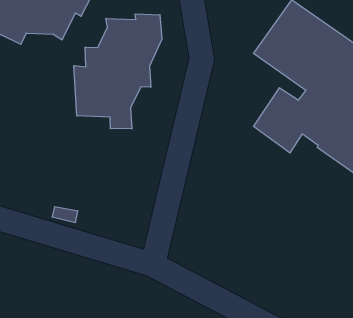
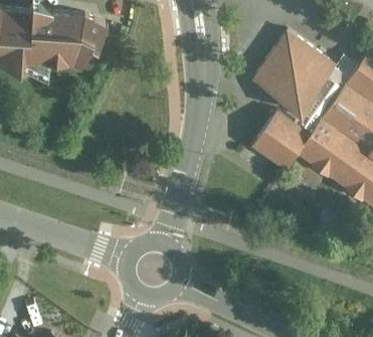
building: [74,14,162,129] -> none

